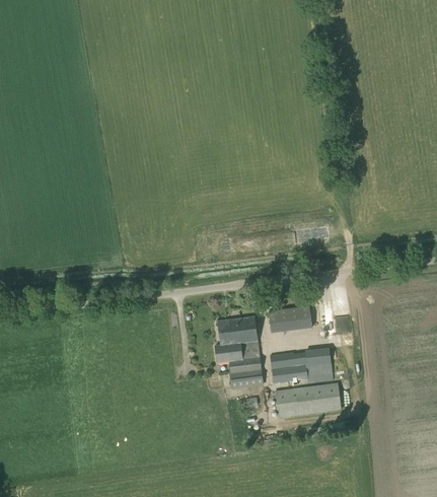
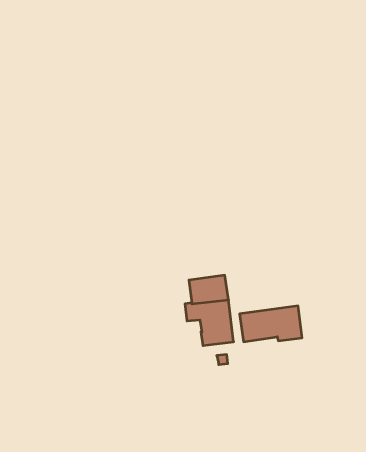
building: [268,305,311,333] -> none
building: [275,382,341,418] -> none

